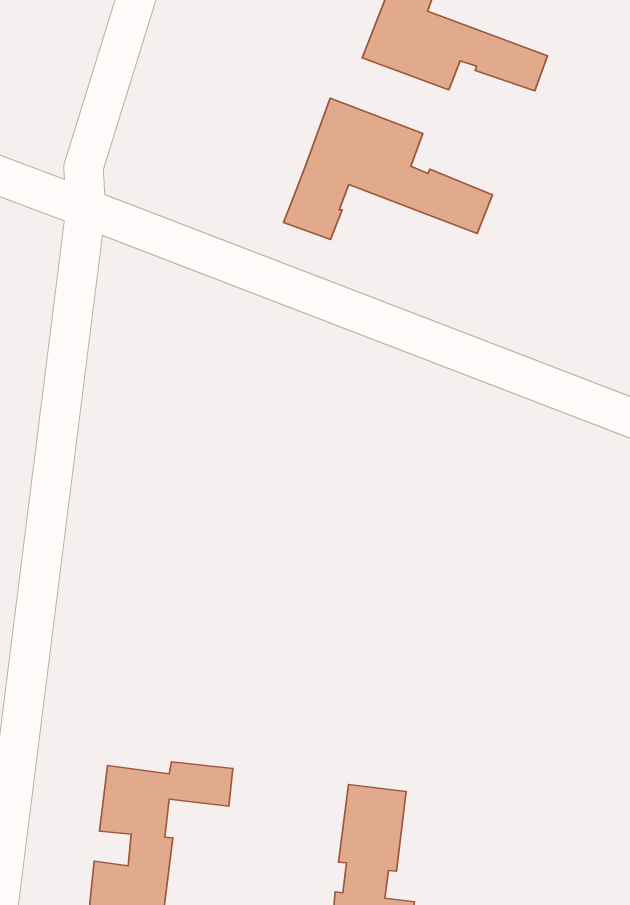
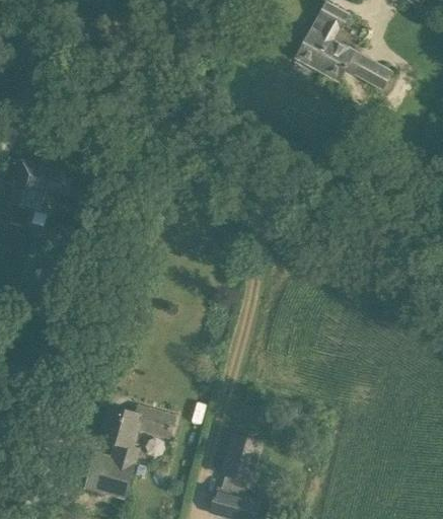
building: [283,98,492,240] -> none

